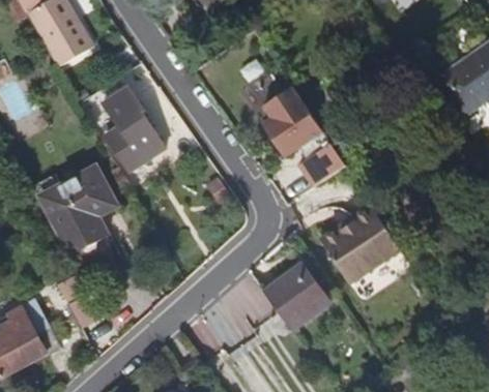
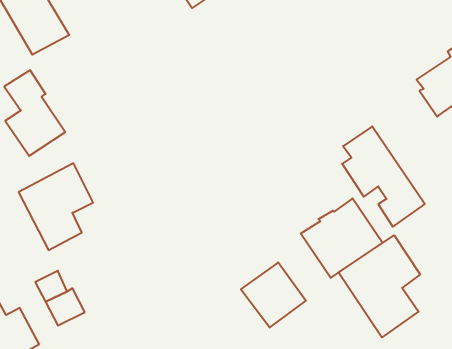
building: [104,85,165,171] -> [4,70,65,156]
building: [266,86,349,186] -> [342,126,425,227]
building: none -> [339,235,420,337]

